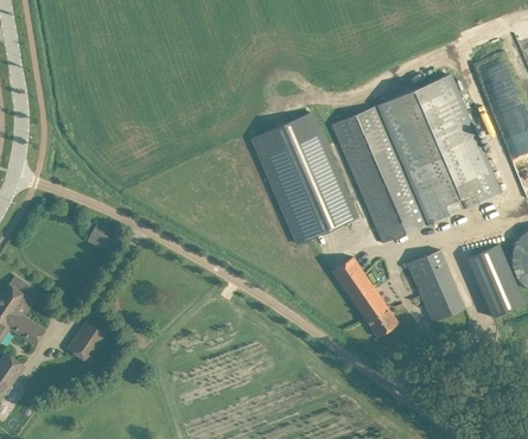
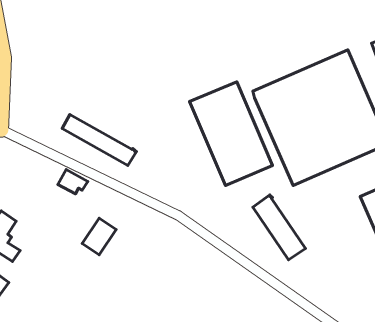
building: none -> [62,114,137,166]
building: [406,249,464,322] -> none
building: [66,316,109,362] -> [82,218,116,255]

